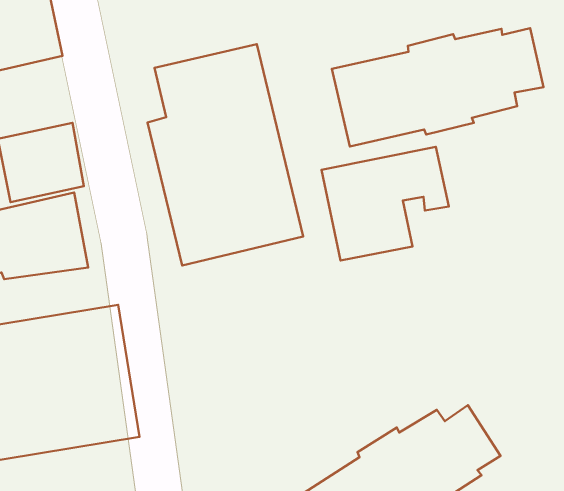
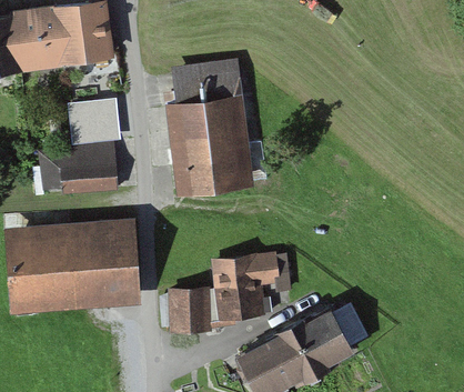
building: [332,28,544,147] -> none
building: [321,147,449,260] -> [212,255,291,322]
building: none -> [168,289,211,335]

